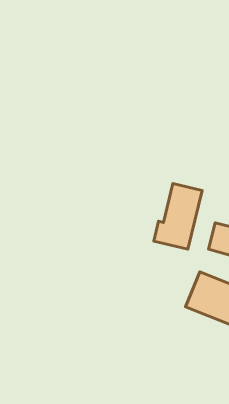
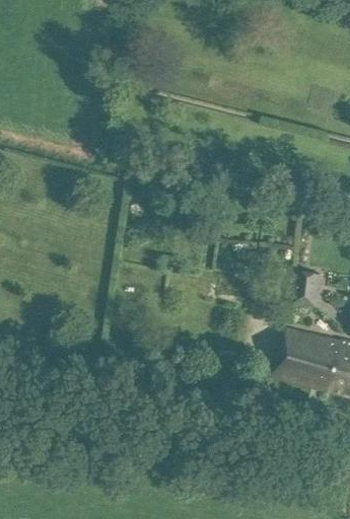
building: [154,184,202,249] -> none

